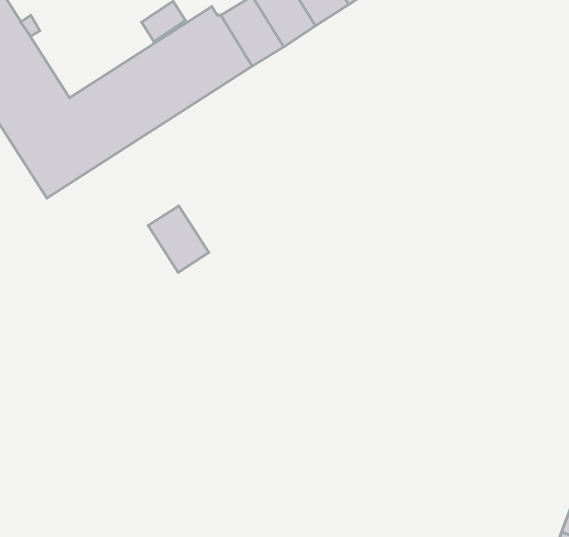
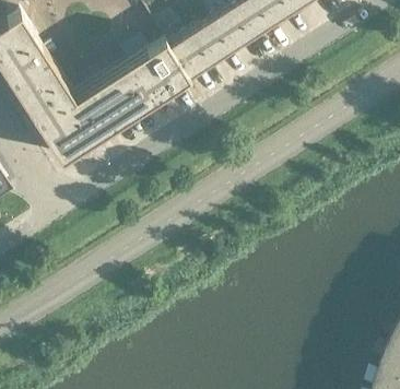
building: [148,206,209,272] -> none

